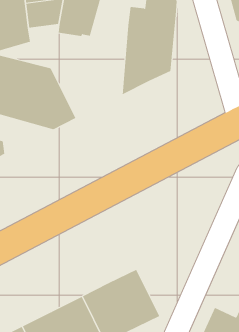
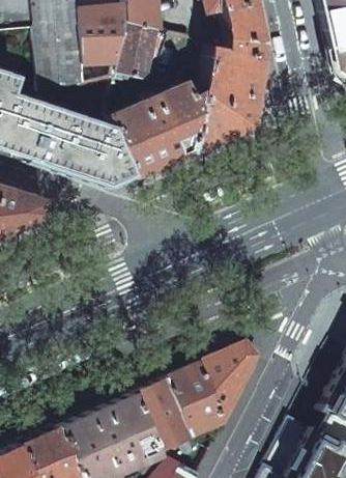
building: none -> [110,68,205,177]
building: none -> [200,342,261,425]

